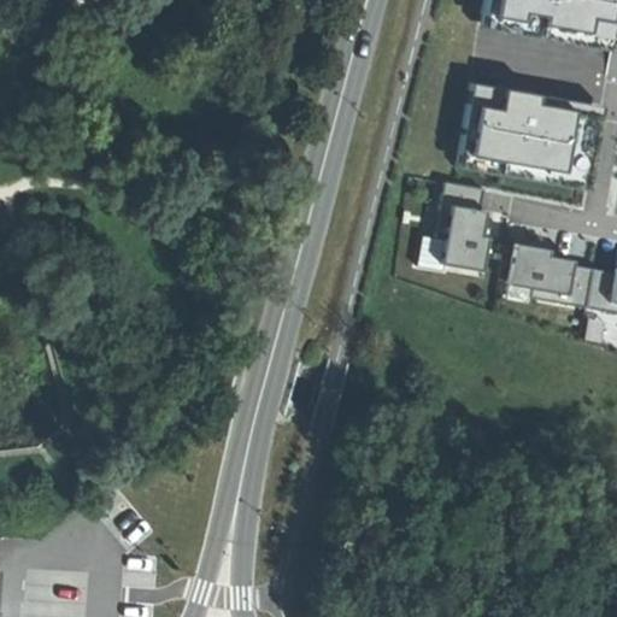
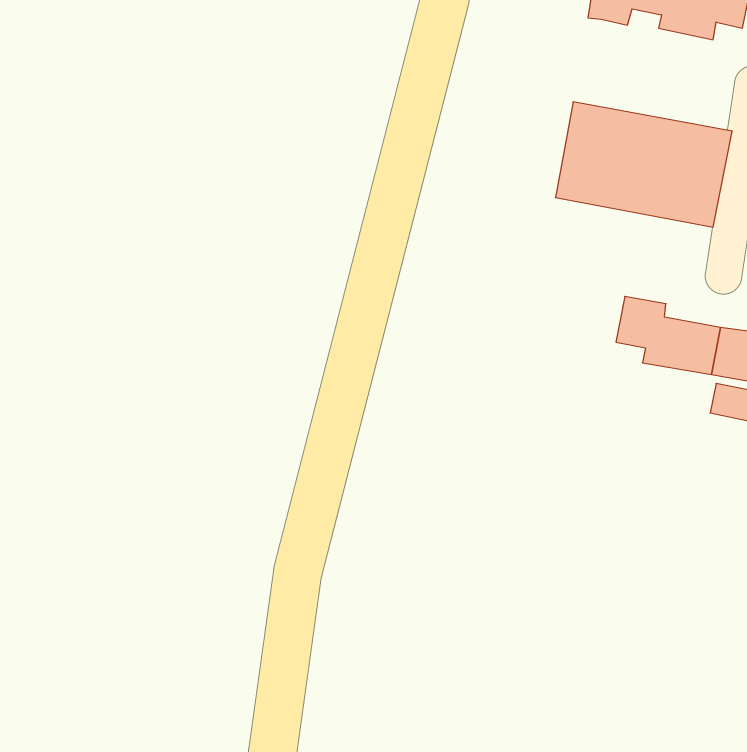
building: [436,181,488,270] -> none

